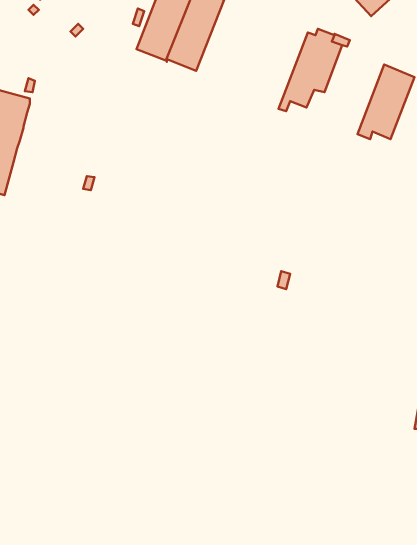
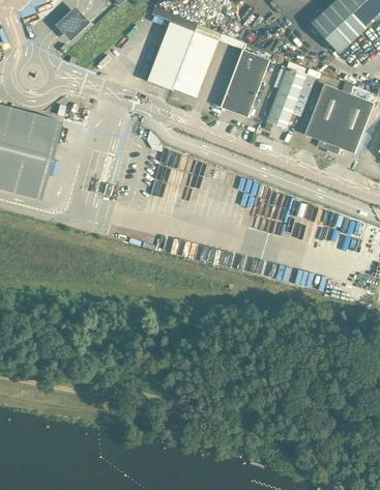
building: none -> [221,49,269,117]
building: none -> [303,83,349,149]

